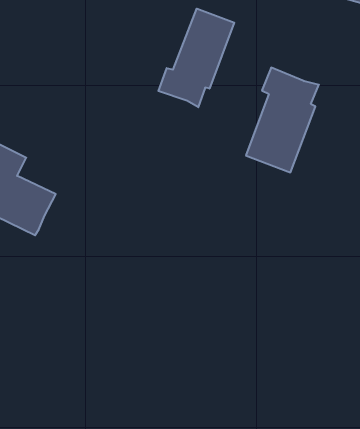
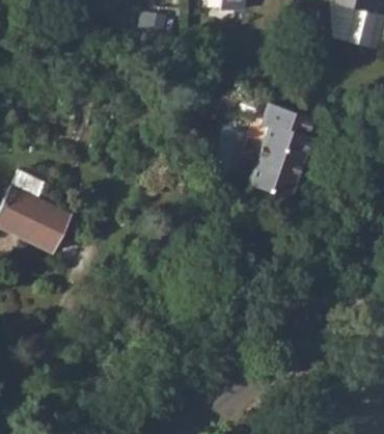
building: [158,9,234,107] -> none

